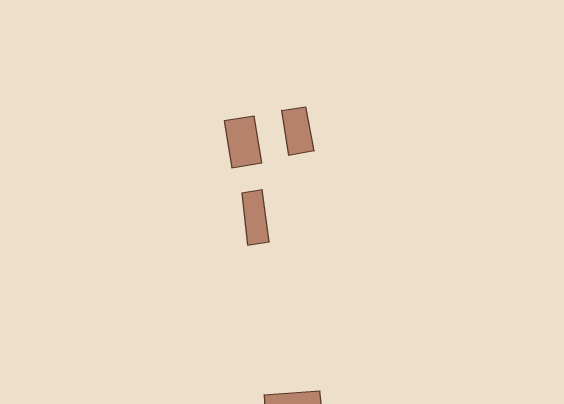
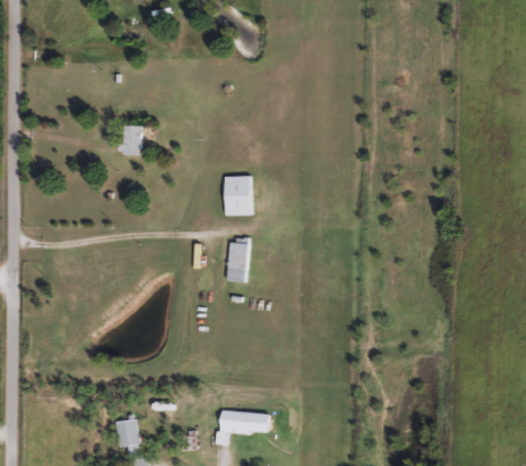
building: none -> [122,124,141,155]
building: [282,107,314,155] -> none

